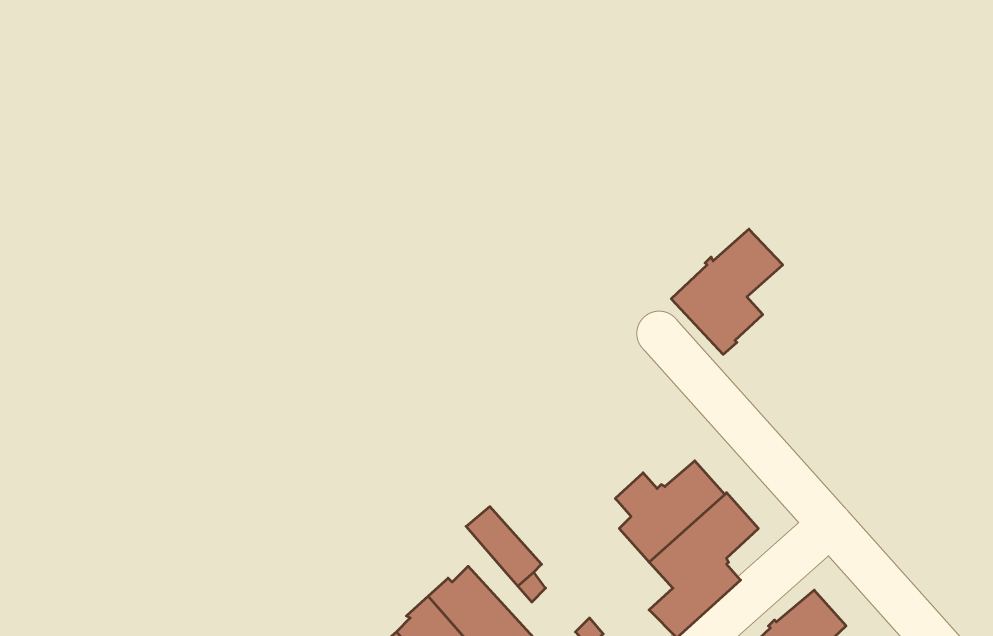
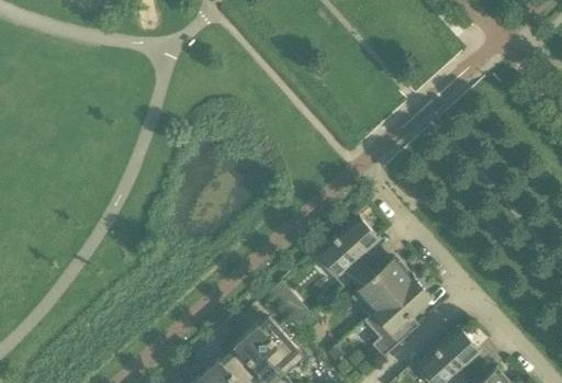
building: [671,229,783,354] -> [315,218,376,288]

